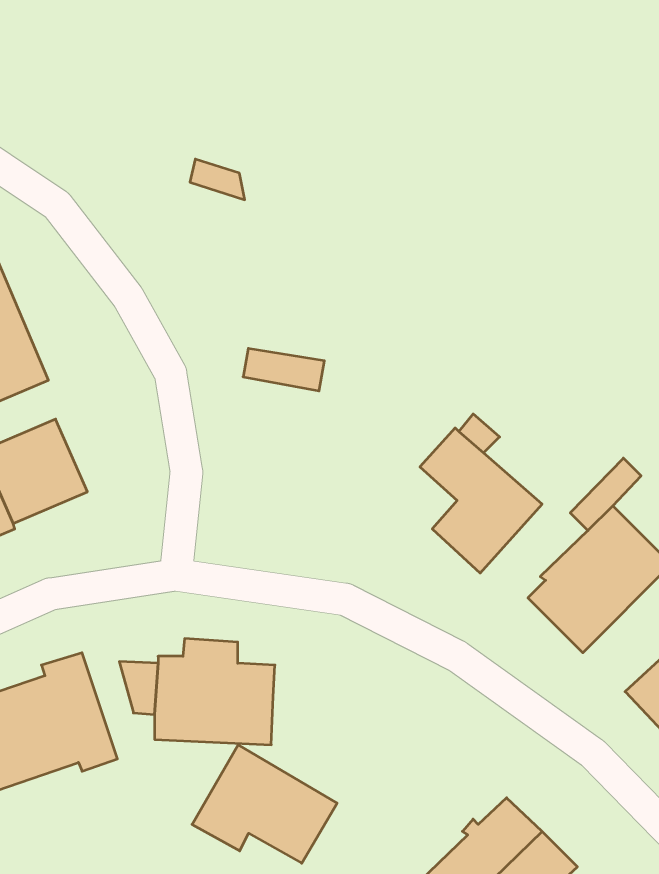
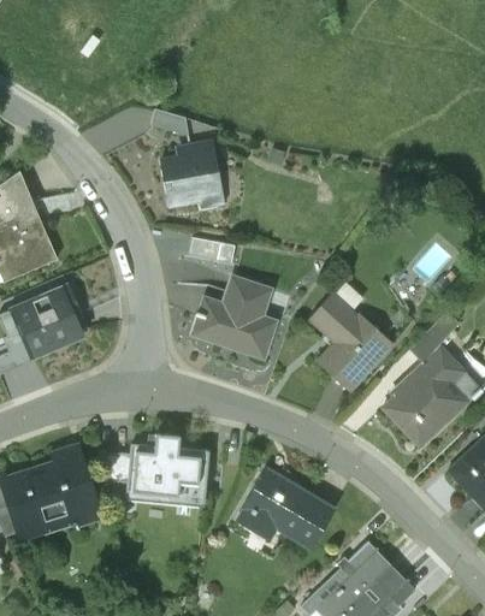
building: none -> [162,141,223,208]
building: none -> [193,274,277,359]
building: [192,745,337,863] -> [237,469,336,550]

